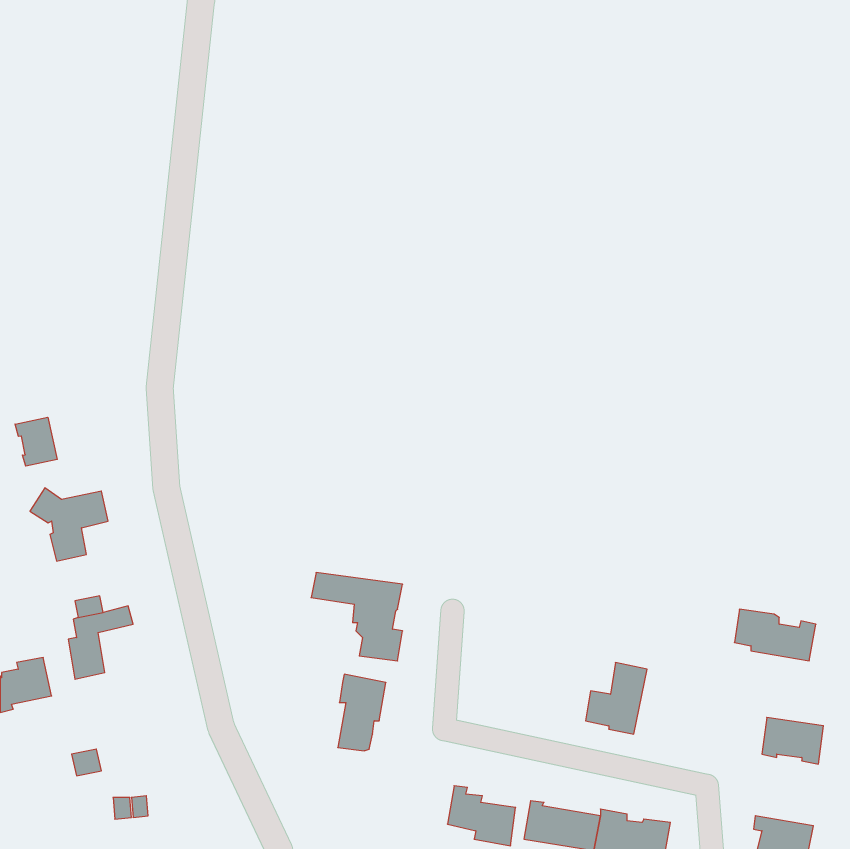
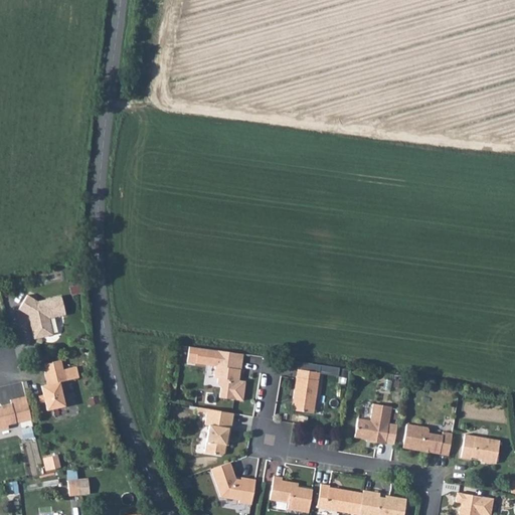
building: [15,417,57,466] -> none
building: [734,609,816,661] -> [402,424,452,456]
building: none -> [293,369,321,414]
building: none -> [211,463,255,503]

